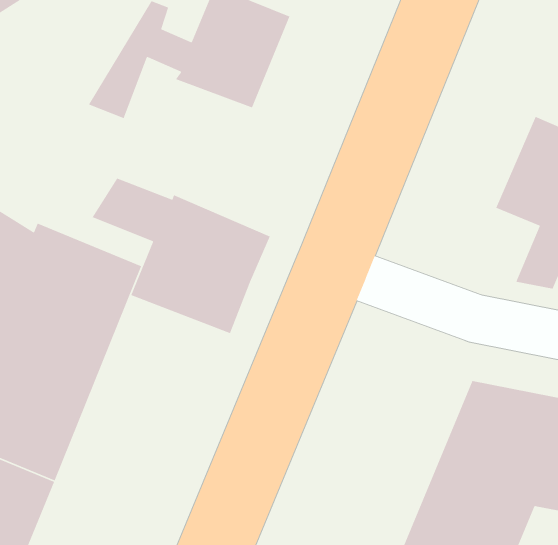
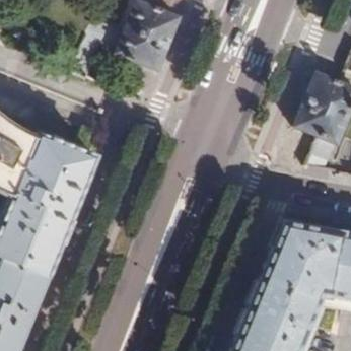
building: [92,178,271,334] -> none

